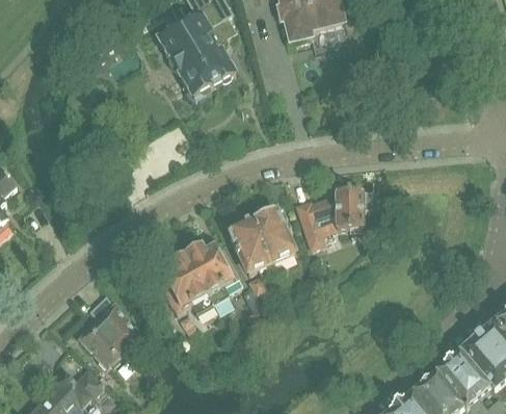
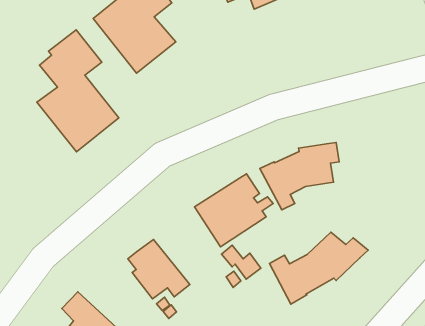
building: none -> [37,30,119,152]
building: [184,240,241,303] -> none
building: none -> [269,232,368,304]

